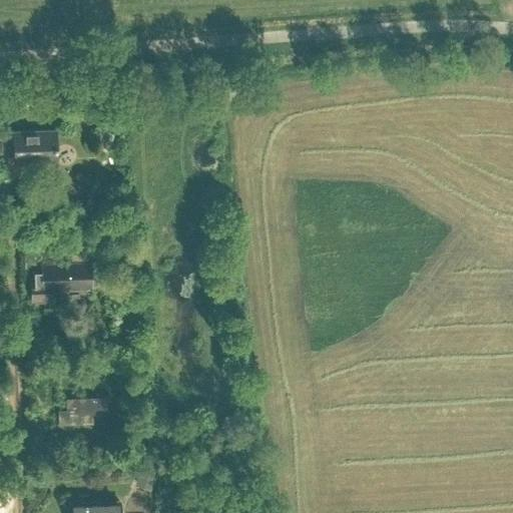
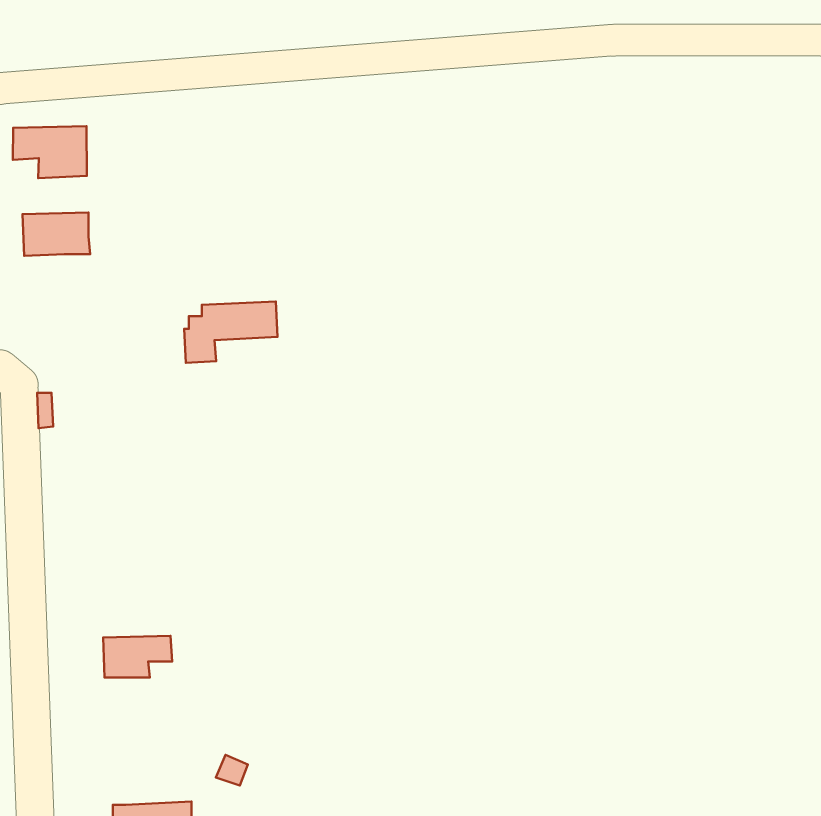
building: none -> [13,126,87,178]
building: [32,266,90,304] -> [184,302,277,363]

